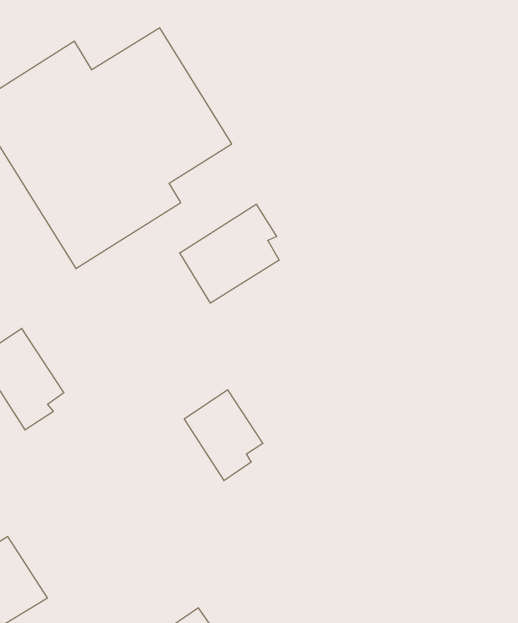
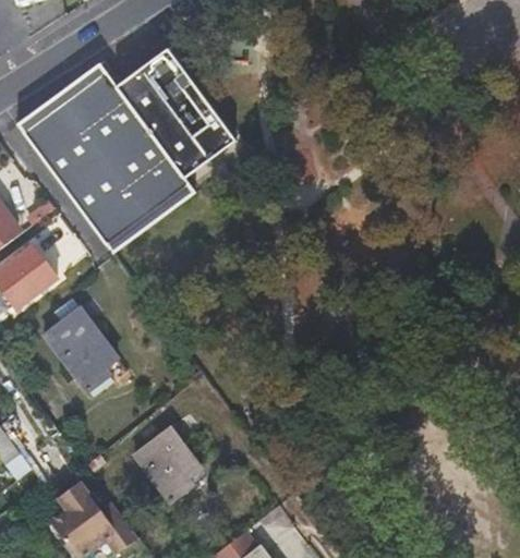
building: [180,204,279,303] -> none
building: [184,390,263,481] -> [132,426,199,502]

